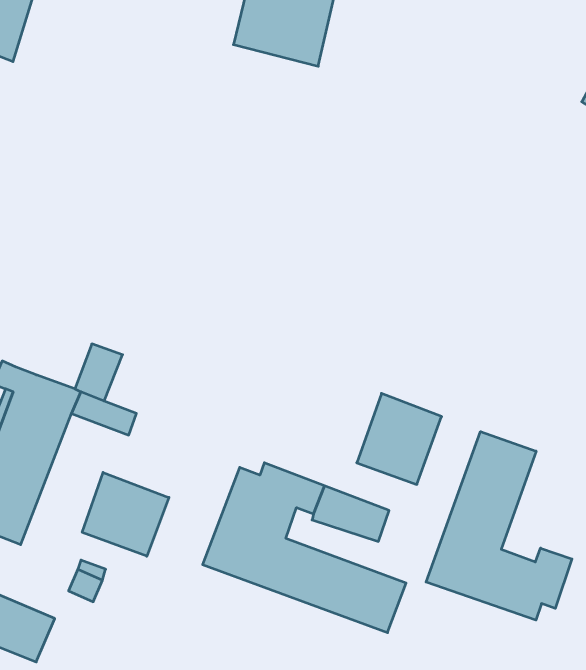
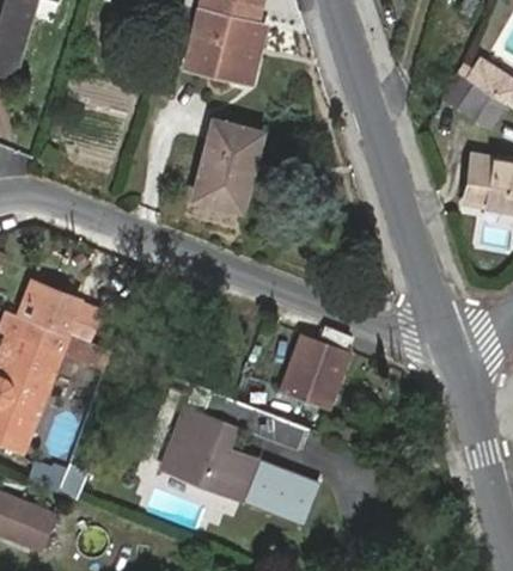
building: none -> [194,121,258,209]
building: none -> [18,281,77,333]
building: [426,432,572,620] -> none
building: [82,472,169,556] -> none

